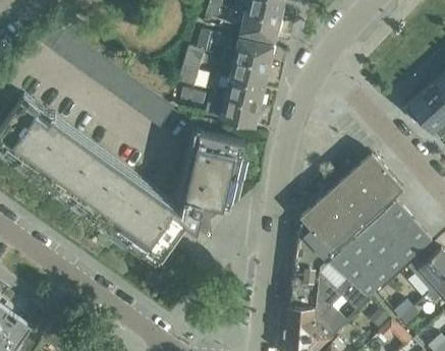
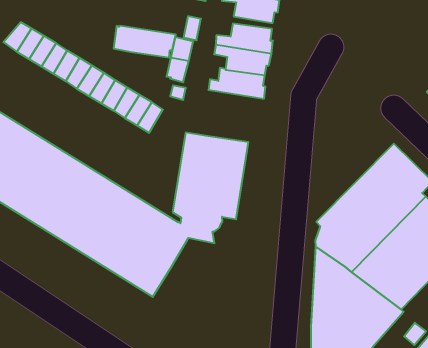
building: [207,94,262,124] -> [114,26,176,57]

